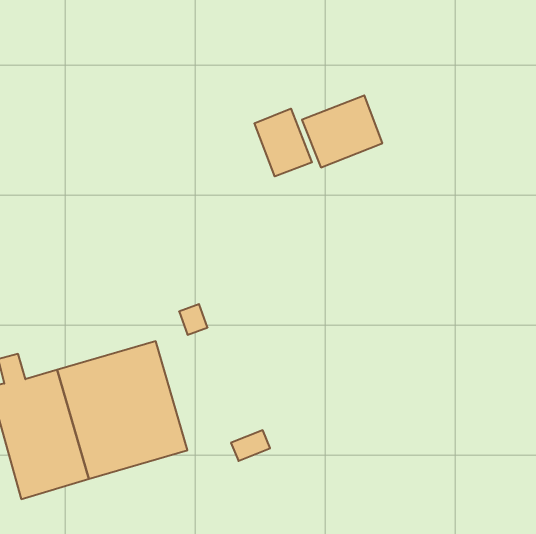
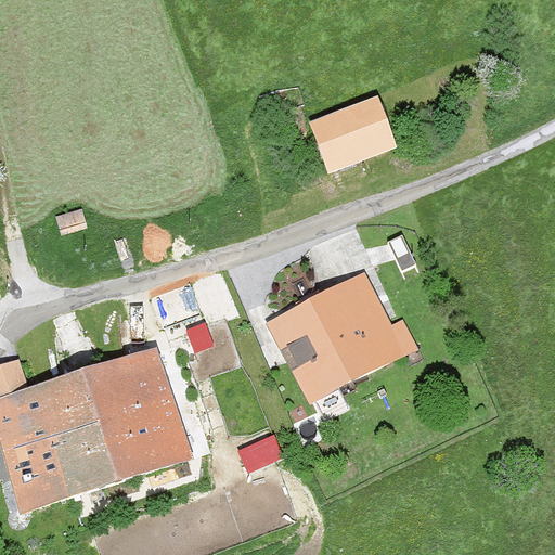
building: [254,109,312,176] -> none
building: none -> [267,273,415,399]

